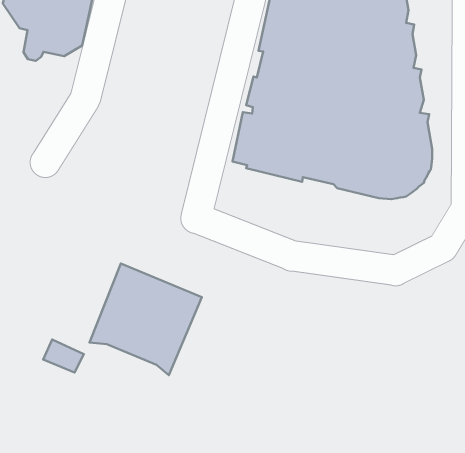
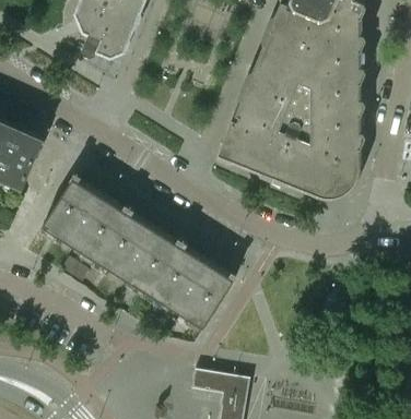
building: none -> [42,179,127,265]
building: none -> [148,247,235,332]

